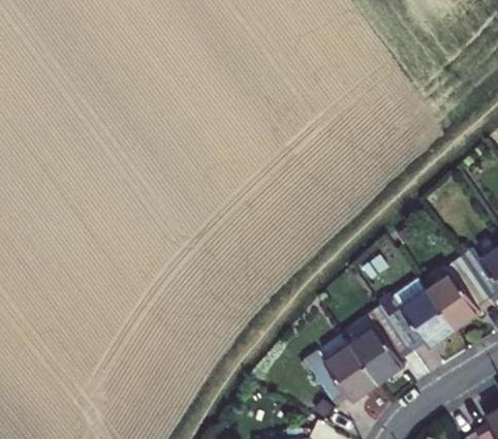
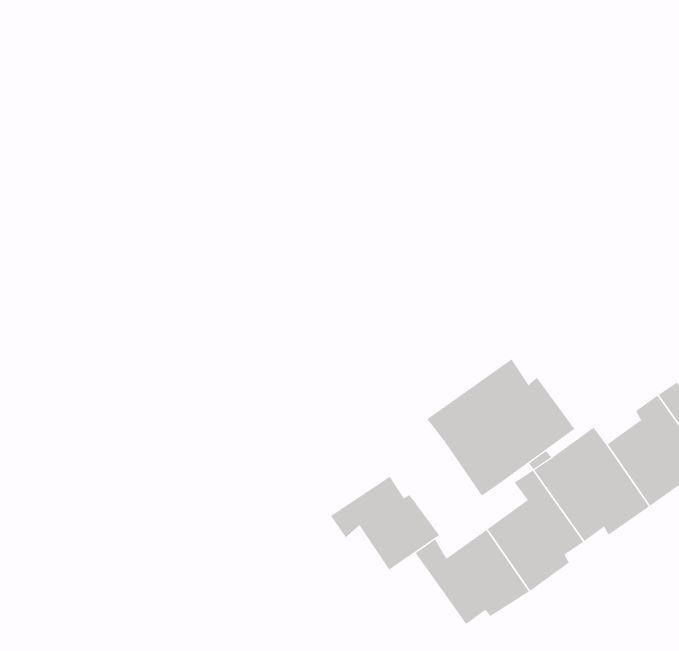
building: none -> [427,359,575,497]
building: none -> [330,476,440,571]

